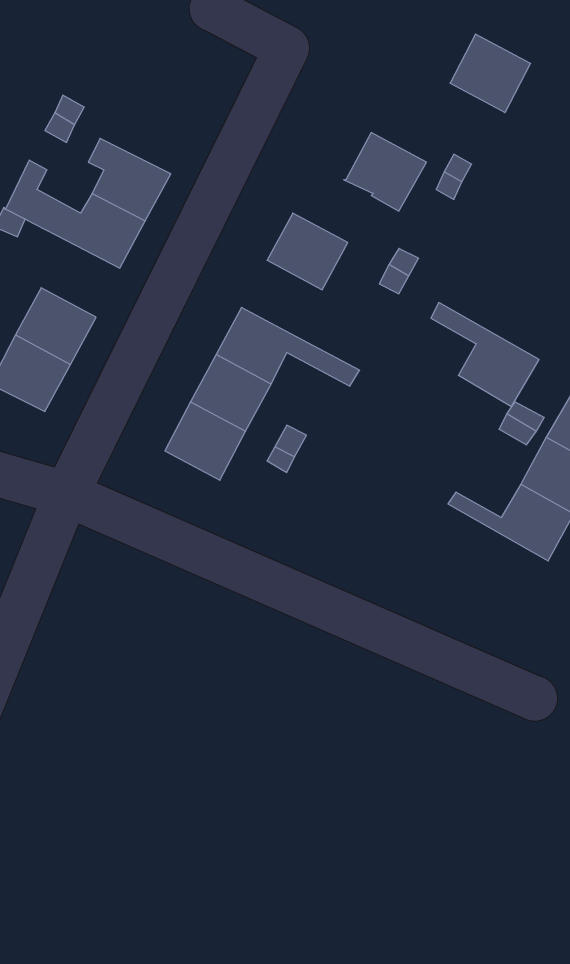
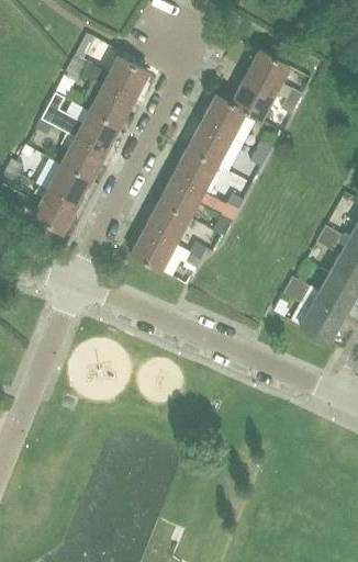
building: [450,34,531,113] -> [245,49,290,93]
building: none -> [93,57,147,100]
building: none -> [201,94,246,138]
building: none -> [60,137,104,180]
building: none -> [172,148,217,191]
building: [431,303,539,407] -> [283,284,344,342]

